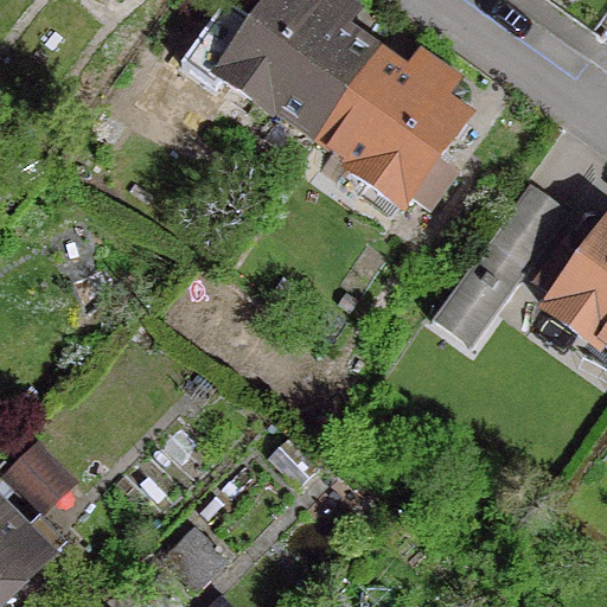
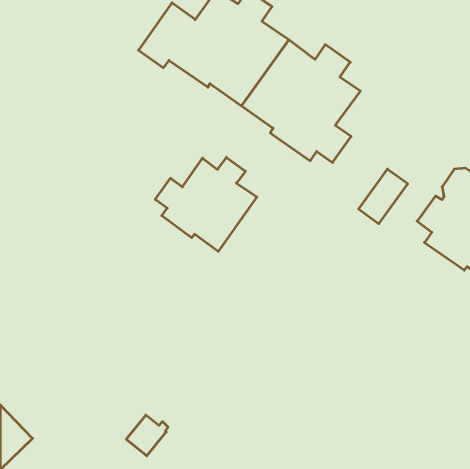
building: none -> [155,157,257,251]

